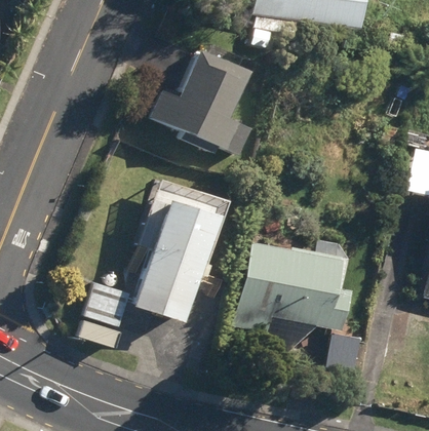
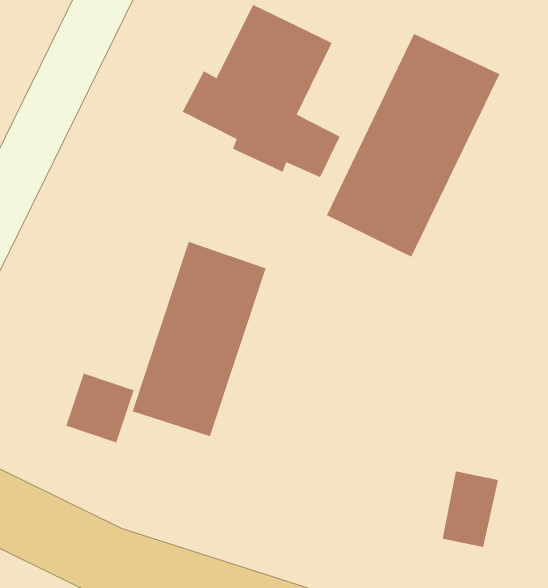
building: none -> [326,33,500,258]
building: [234,240,349,352] -> none

